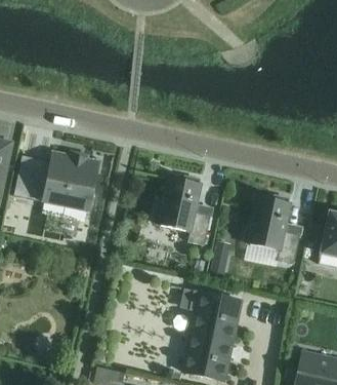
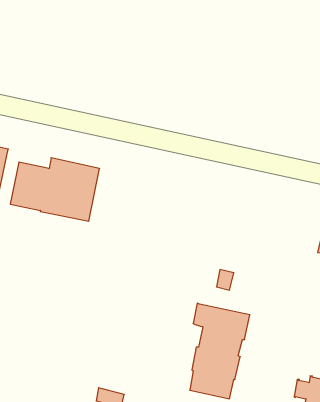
building: [155,177,211,245] -> none
building: [245,195,300,265] -> none

